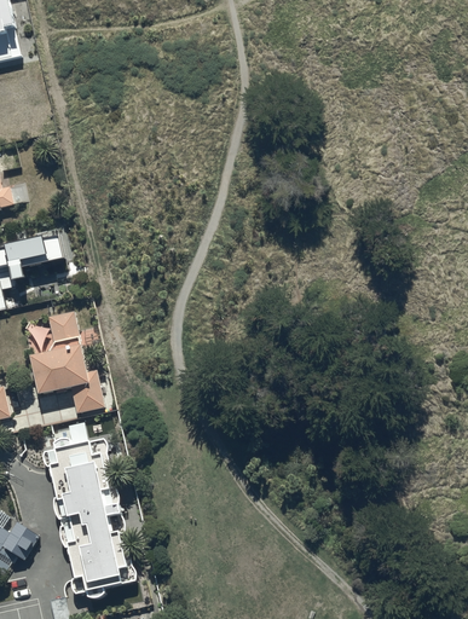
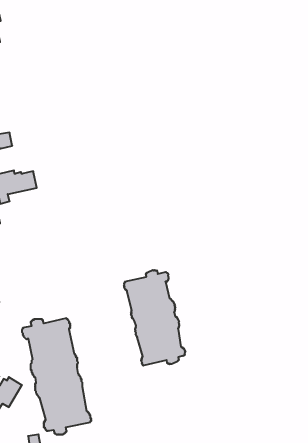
building: [28,311,104,413] -> none
building: none -> [124,270,185,366]

